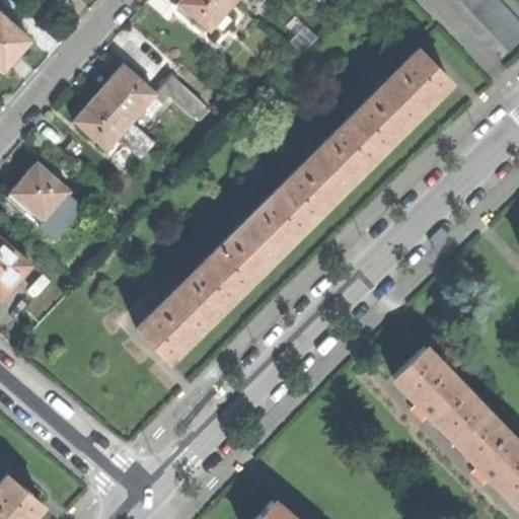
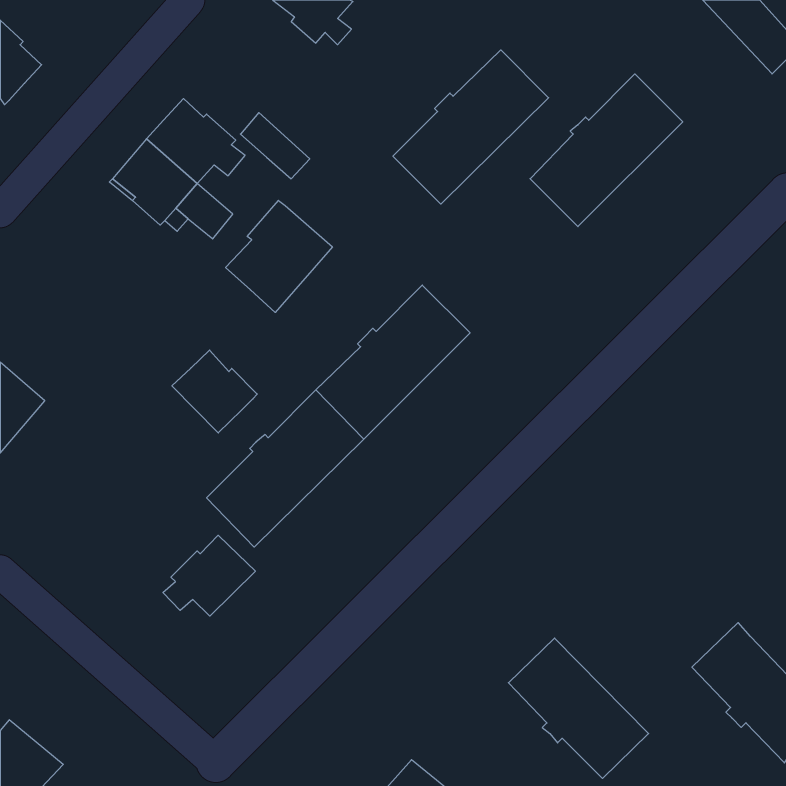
building: [279,119,381,220] -> [393,50,549,204]
building: none -> [226,200,332,312]
building: [8,165,80,227] -> none
building: none -> [172,350,257,433]
building: [394,348,487,440] -> [508,638,649,778]
building: none -> [163,535,255,616]

